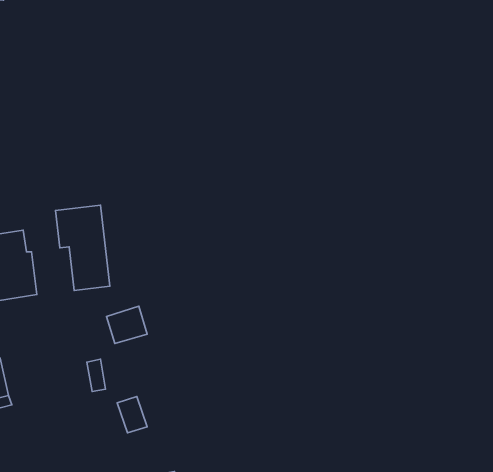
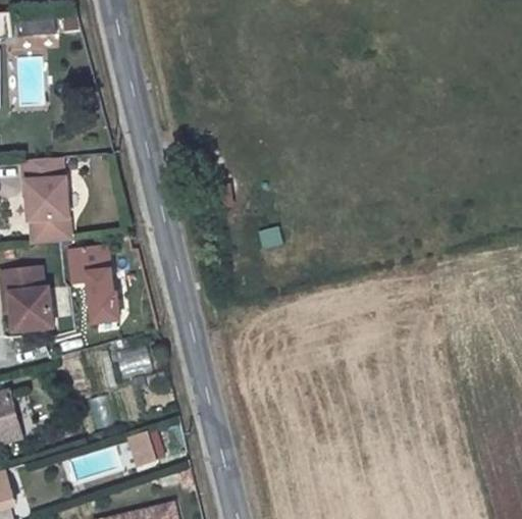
building: none -> [22,159,77,241]

